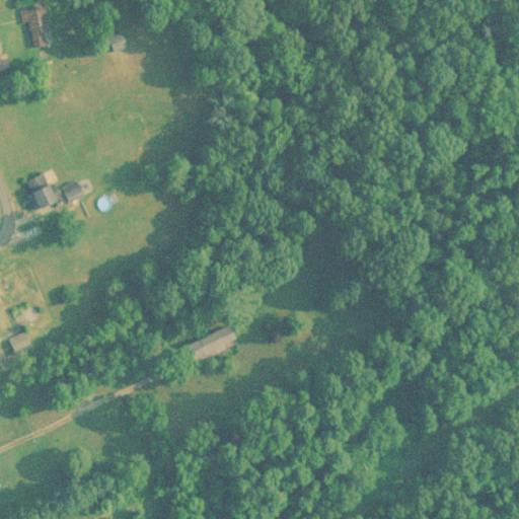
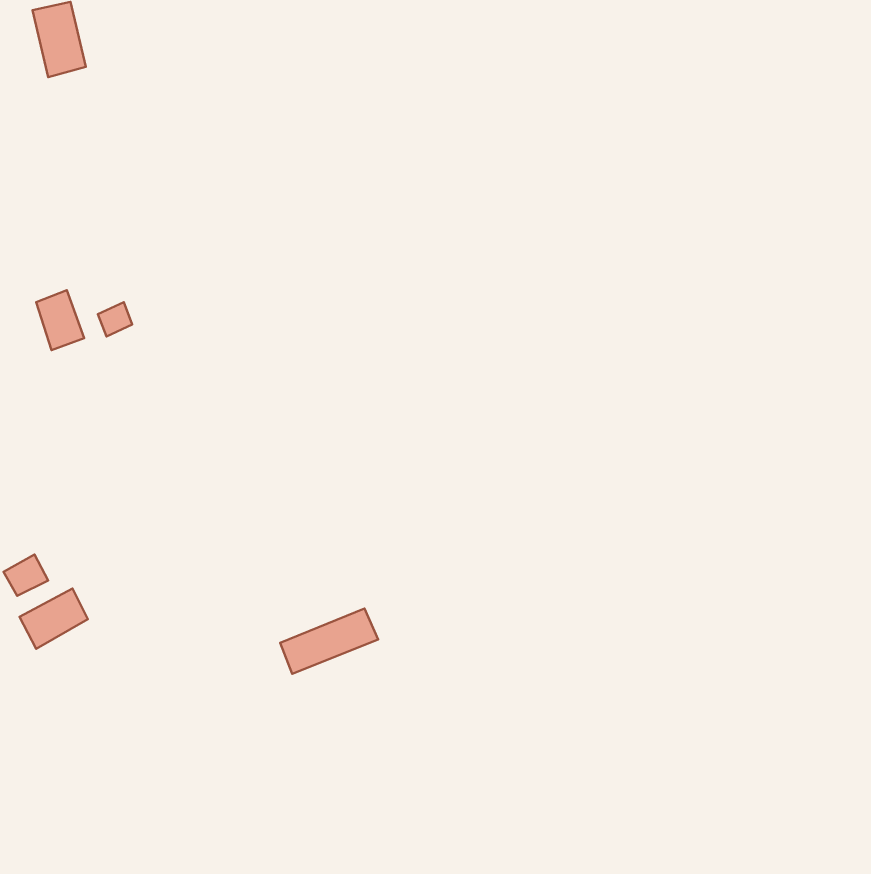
building: [183,325,241,364] -> [280,609,378,674]
building: none -> [20,589,88,649]

